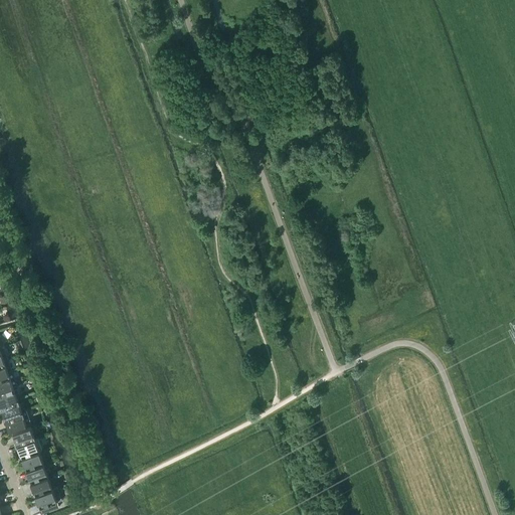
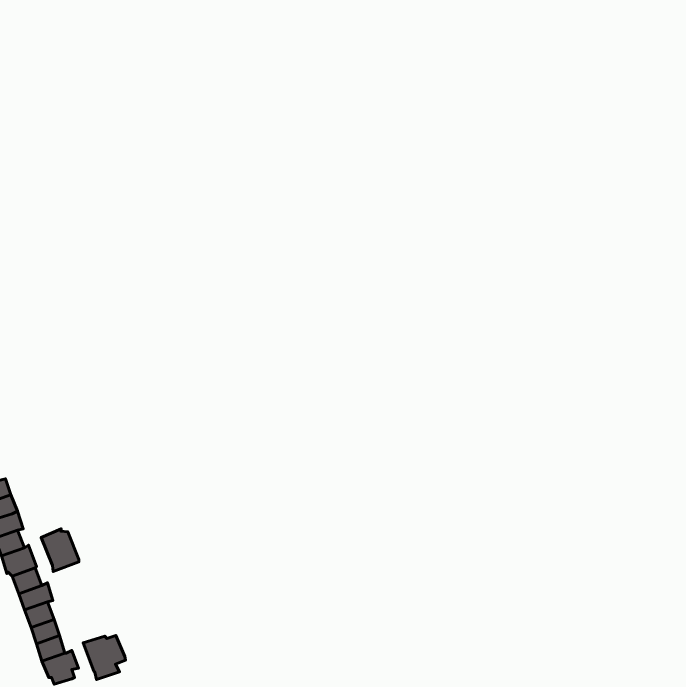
building: none -> [41,529,79,572]
building: none -> [83,636,126,680]

